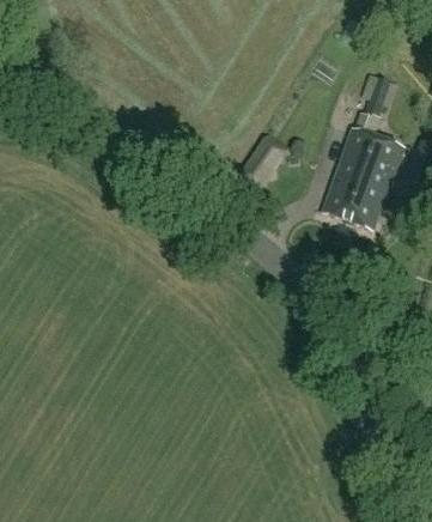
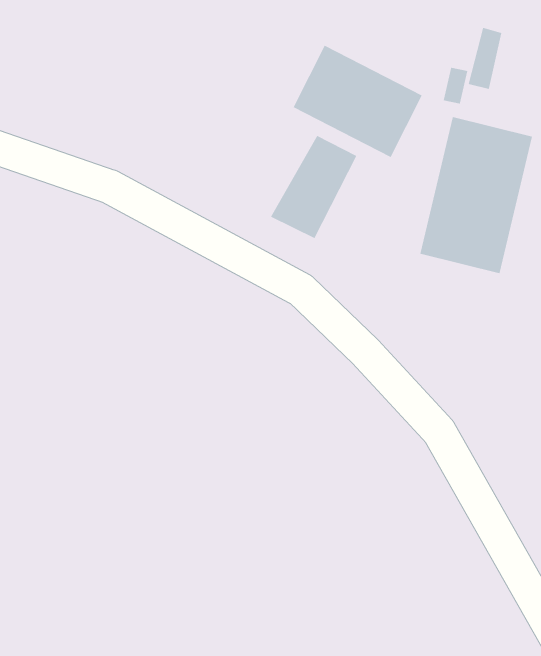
building: none -> [293,45,422,158]

